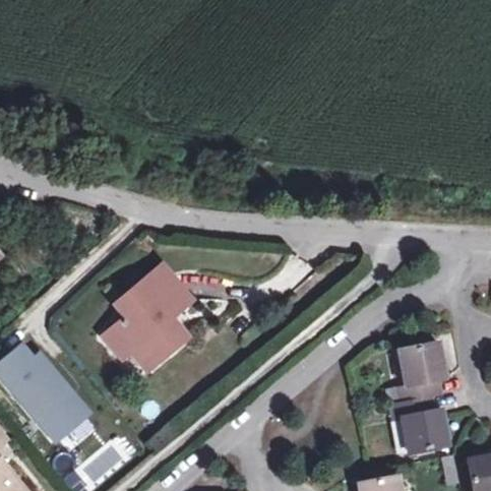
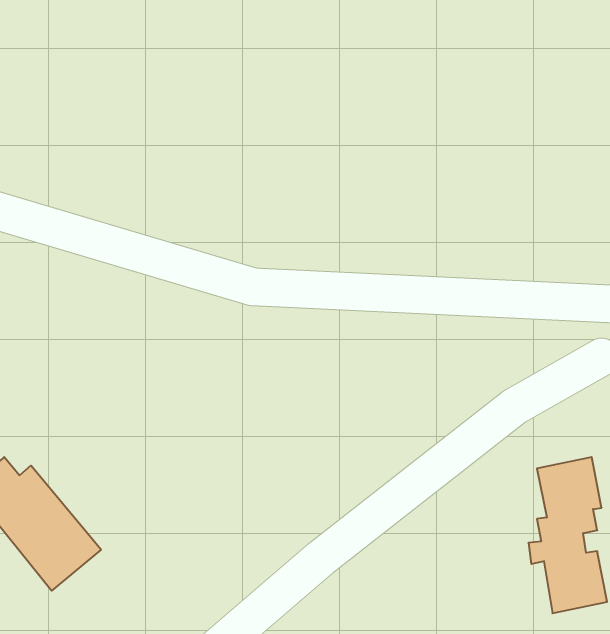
building: [106,267,189,367] -> none

